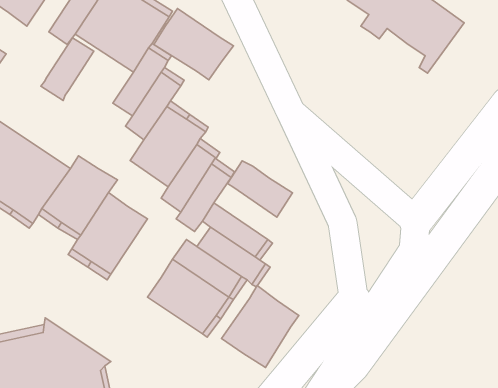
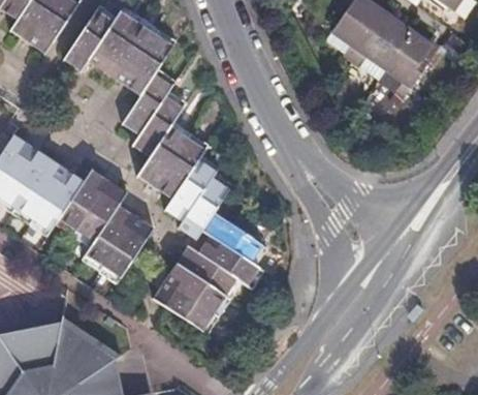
building: [154,8,234,80] -> none
building: [41,38,94,101] -> none
building: [227,161,292,217] -> none
building: [222,286,299,368] -> none

